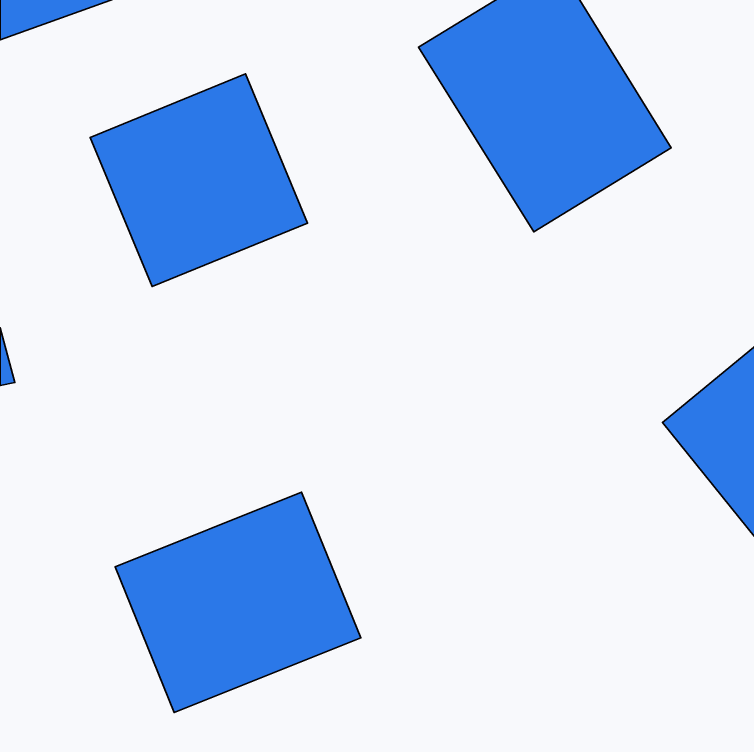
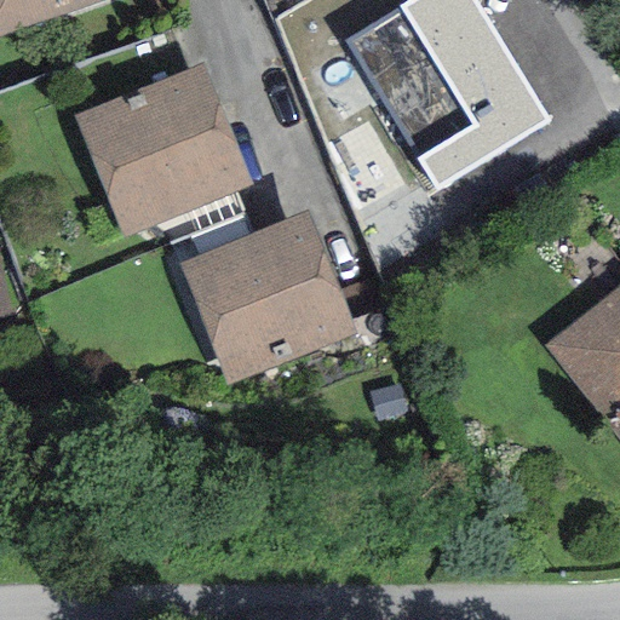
building: none -> [178,209,356,385]
building: [115,492,361,713] -> none

